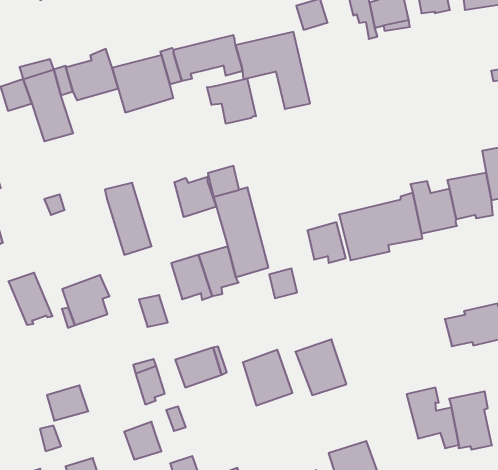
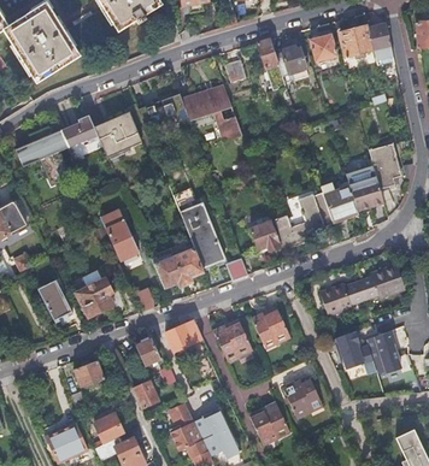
building: [207,78,256,124] -> none
building: [174,177,216,217] -> none
building: none -> [318,281,364,315]

